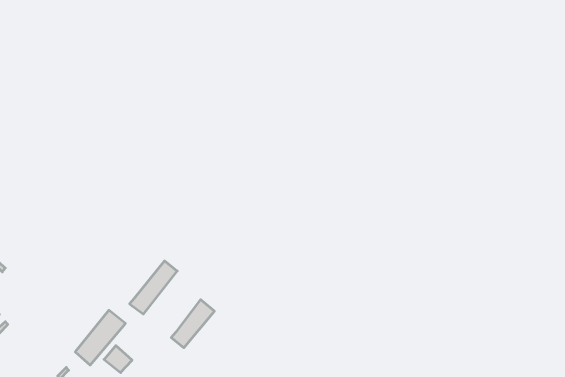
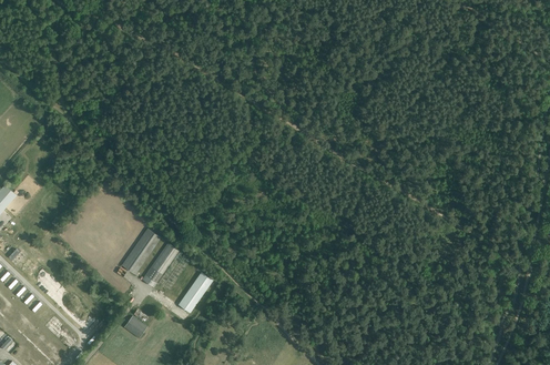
building: [75,310,125,365] -> [121,227,161,274]

